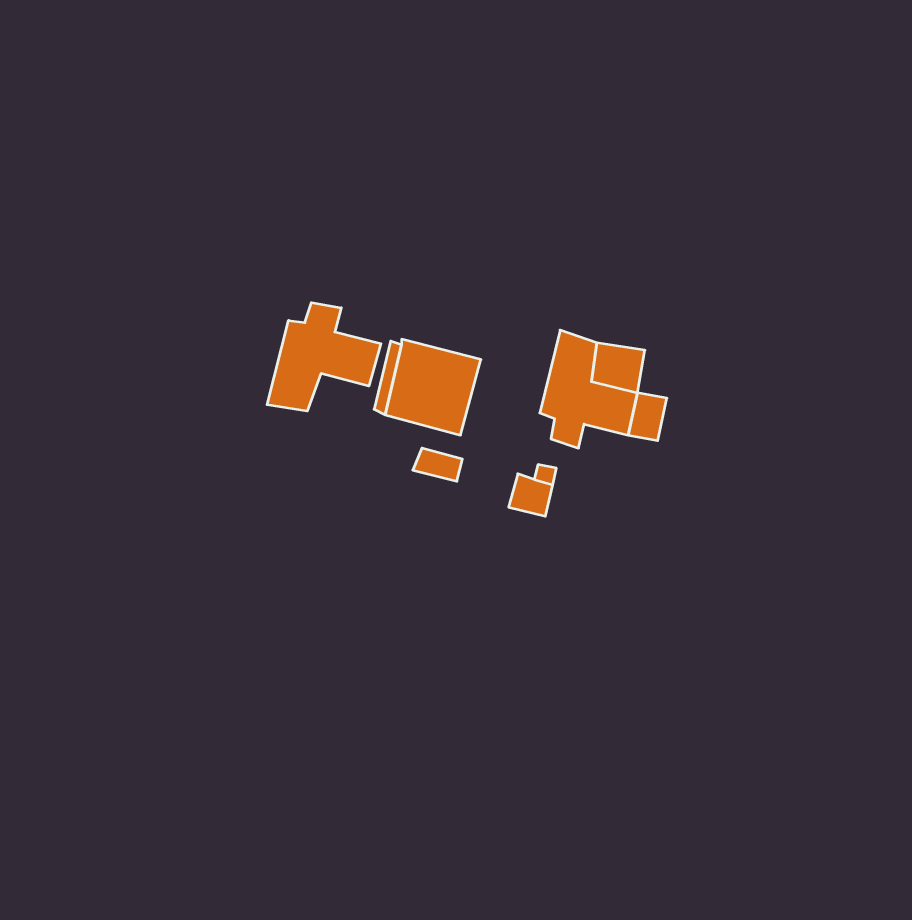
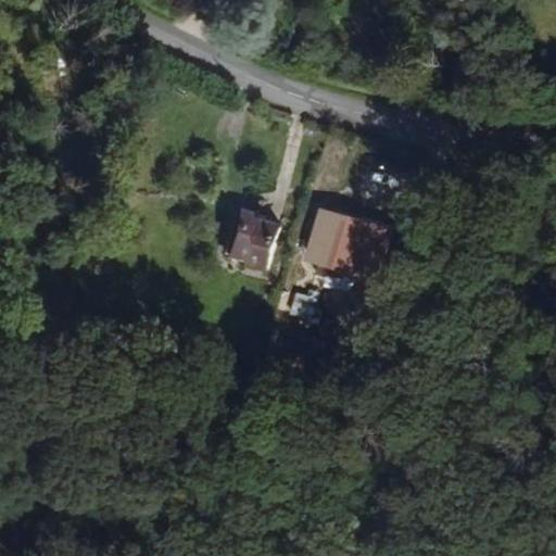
building: [267,303,381,411] -> none

